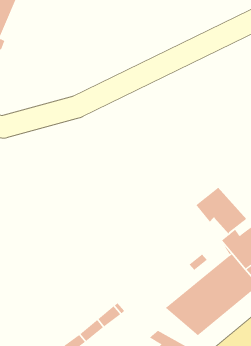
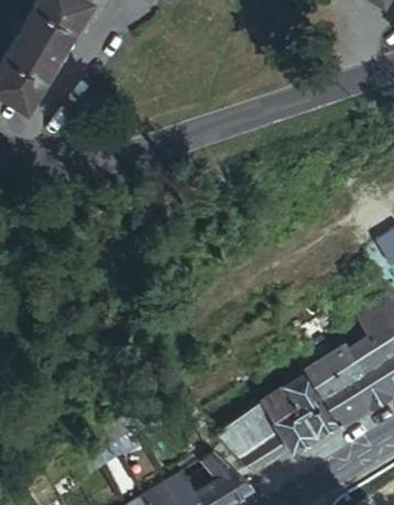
building: [195,187,247,235] -> none

